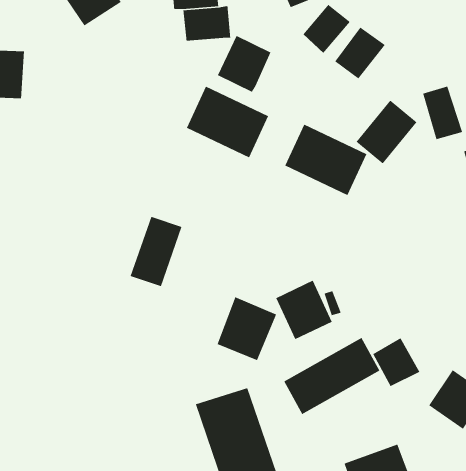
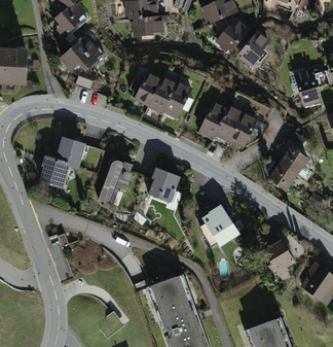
building: none -> [61,35,105,91]
building: [217,35,272,93] -> none
building: [355,99,418,165] -> [267,147,309,192]
building: none -> [37,139,85,189]
building: [217,296,277,361] -> [143,165,184,209]
building: [283,337,380,415] -> none

